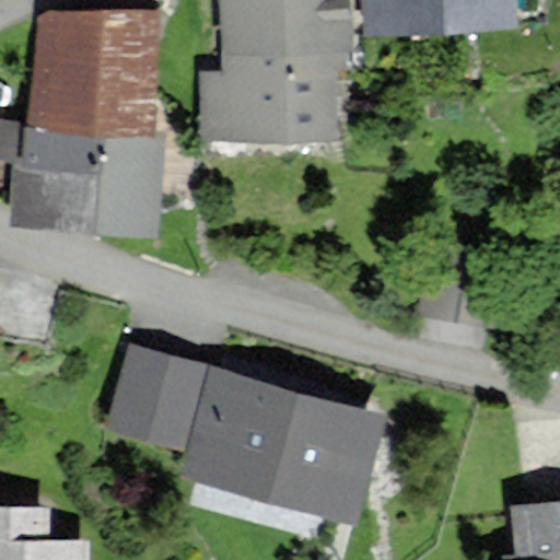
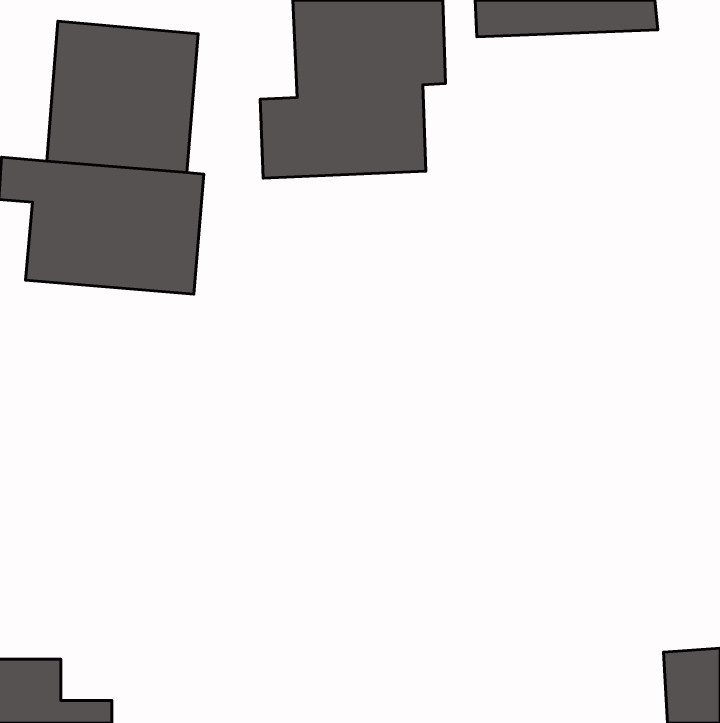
building: [113,351,202,447] -> none
building: [188,371,385,516] -> none

